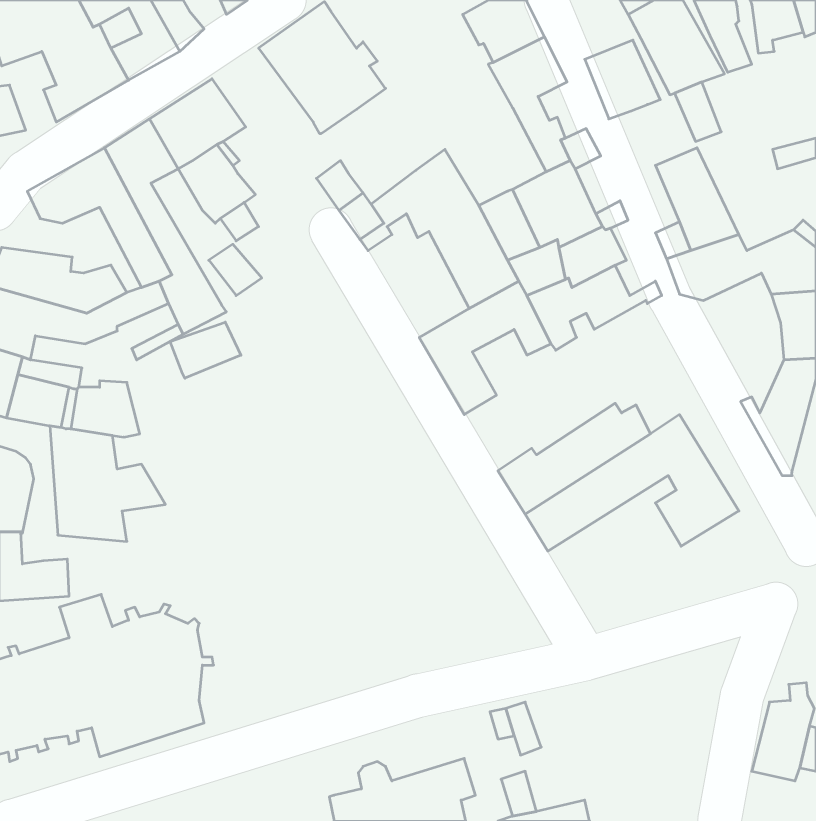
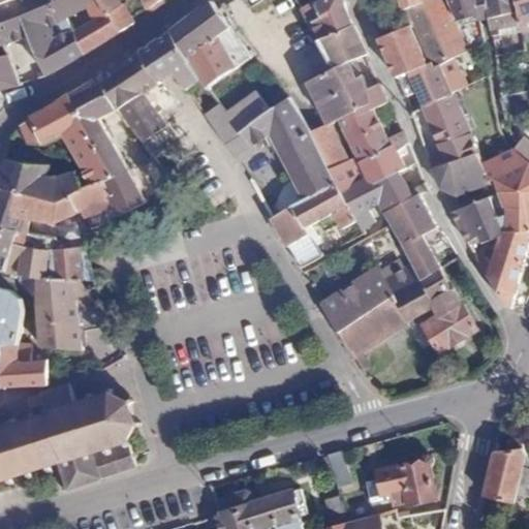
building: none -> [136,31,201,90]
building: none -> [406,60,448,106]
building: none -> [306,69,351,123]
building: none -> [224,90,268,131]
building: none -> [382,193,439,279]
building: none -> [449,196,504,242]
building: [170,322,241,378] -> none
building: none -> [374,454,434,505]

